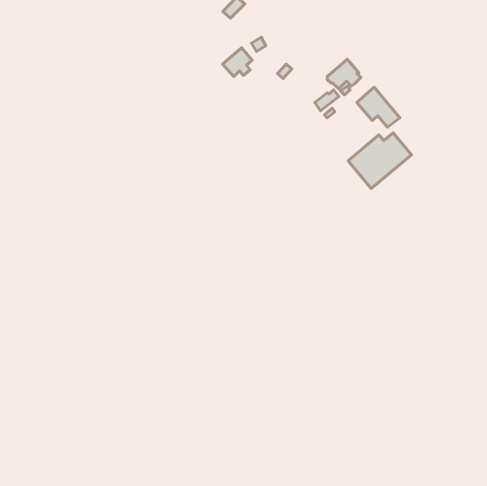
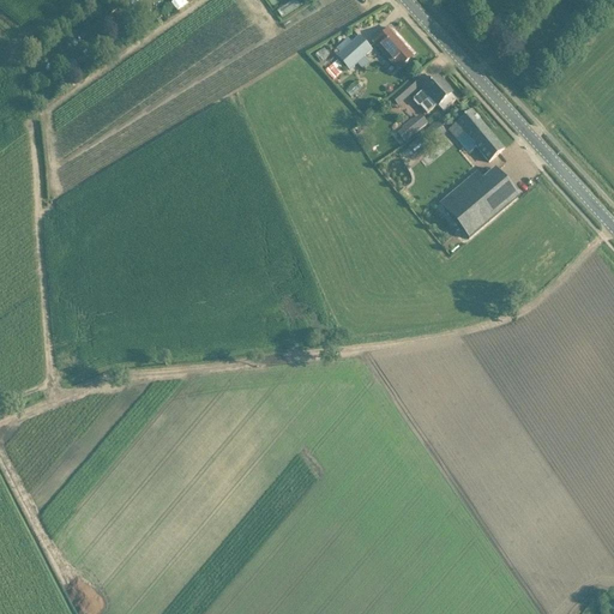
building: none -> [372,25,413,67]
building: [222,48,252,76] -> [333,32,371,68]

